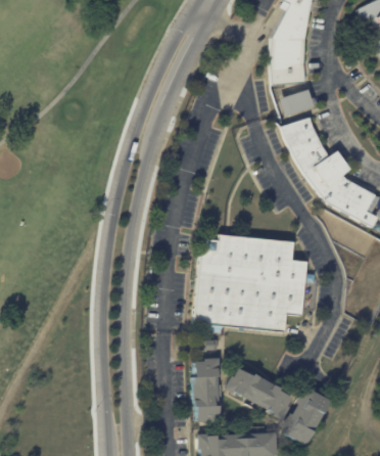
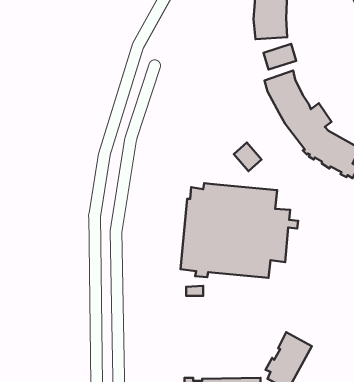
building: none -> [234,143,261,171]
building: [193,358,222,425] -> none
building: [224,368,291,419] -> none

